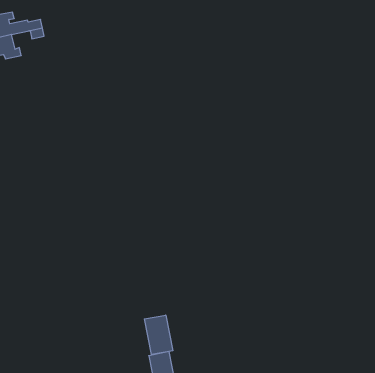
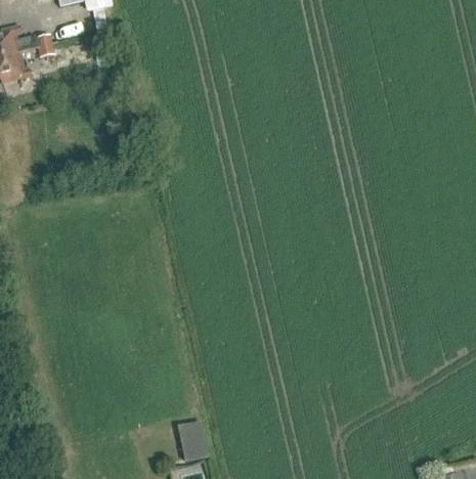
building: [144,315,173,355] -> none

